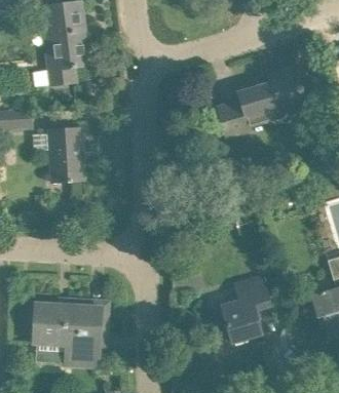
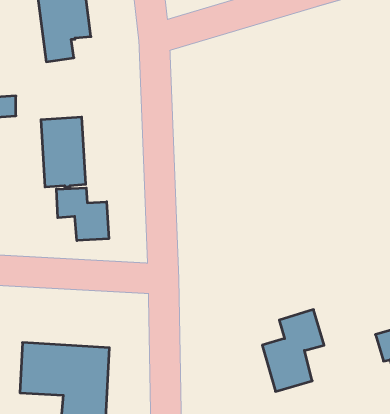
building: [218,70,301,136] -> none
building: none -> [56,188,109,241]

